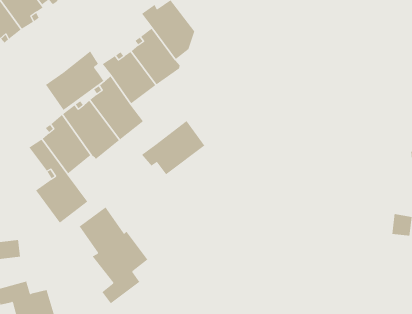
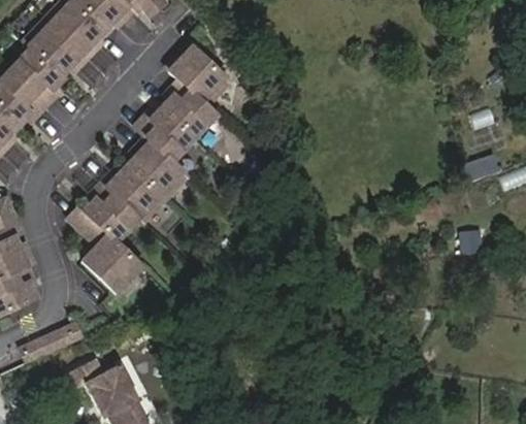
building: [45,51,104,111] -> none
building: [141,120,205,175] -> none
building: [79,206,148,304] -> none

